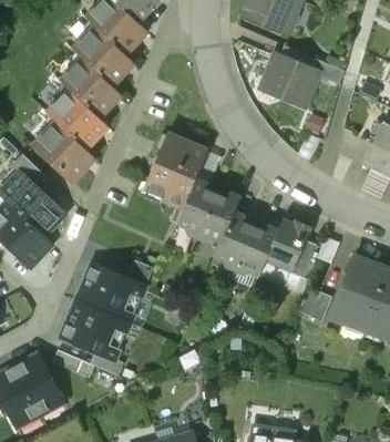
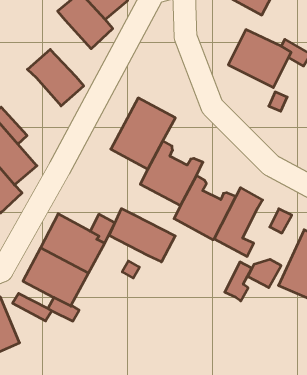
building: [60,58,121,116] -> none
building: [33,121,95,182] -> none
building: [289,238,316,279] -> [225,262,252,301]
building: none -> [109,209,175,262]

